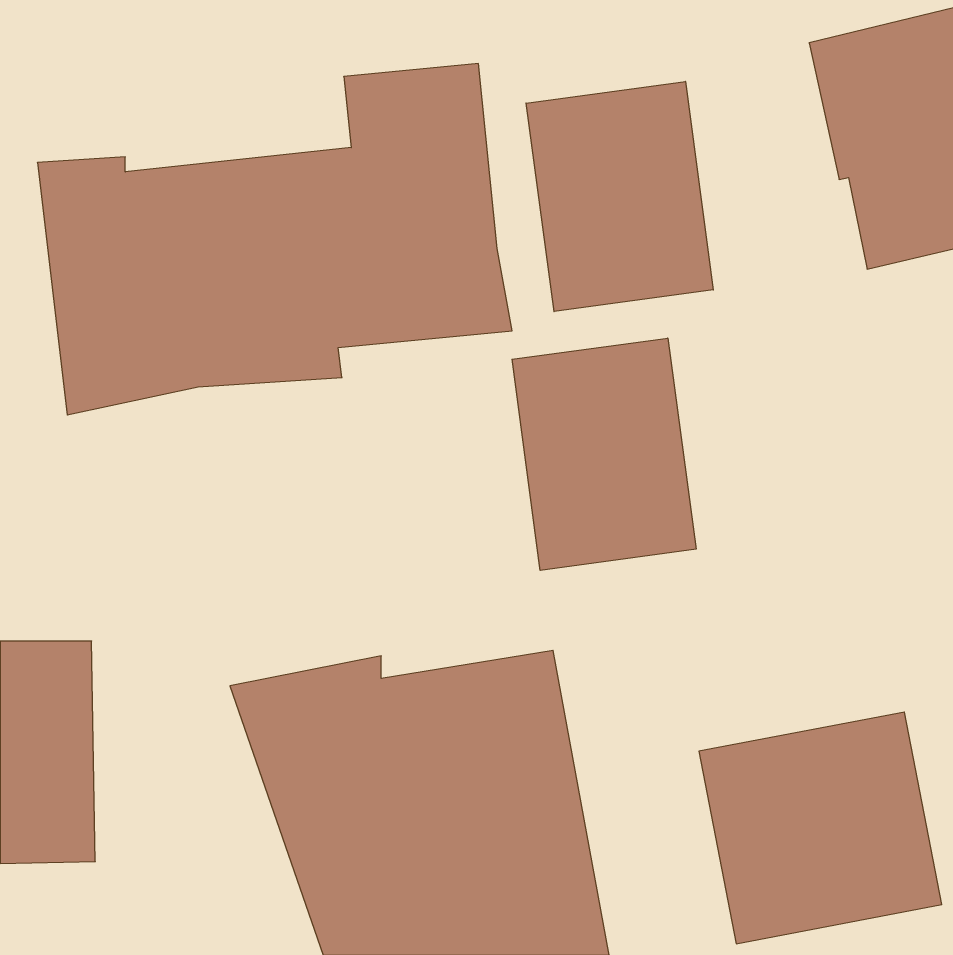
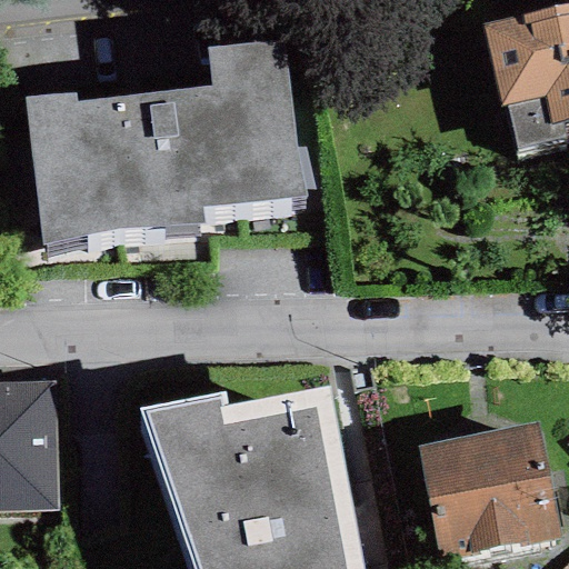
building: [526,81,713,312] -> none
building: [512,338,696,570] -> none

